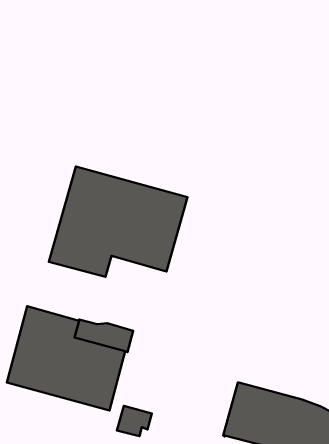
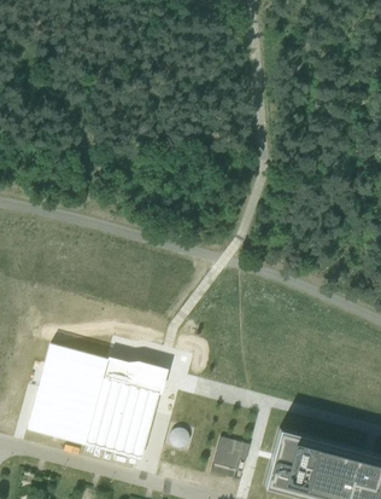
building: [49,167,187,277] -> none
building: [117,406,152,436] -> [212,436,250,469]

